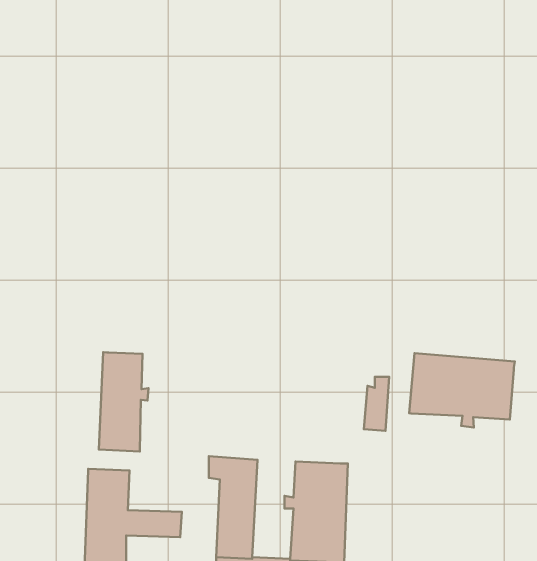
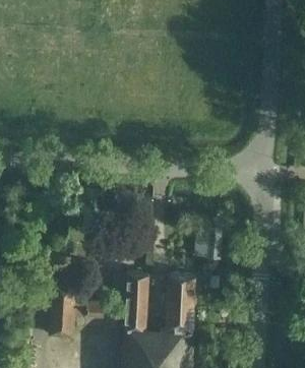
building: [99,352,148,451] -> none
building: [409,353,515,427] -> none

